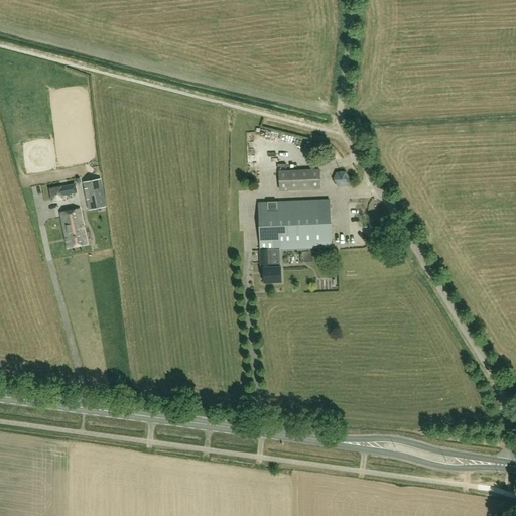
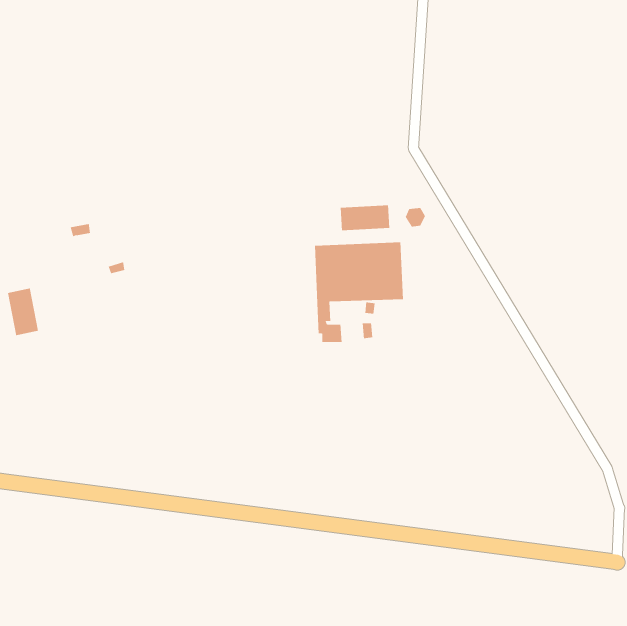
building: [84,178,106,209] -> none
building: [60,208,87,247] -> [7,288,39,336]

